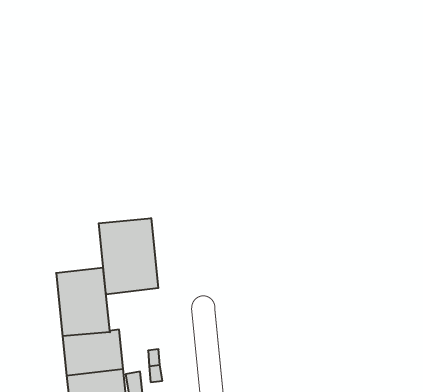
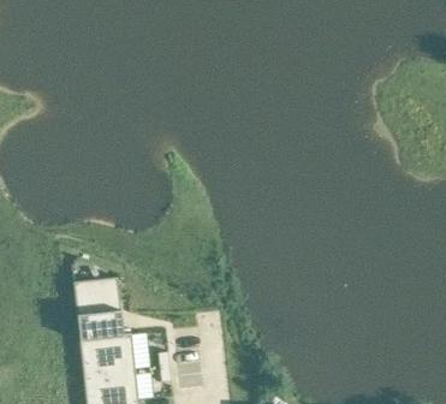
building: [99,218,158,295] -> none

